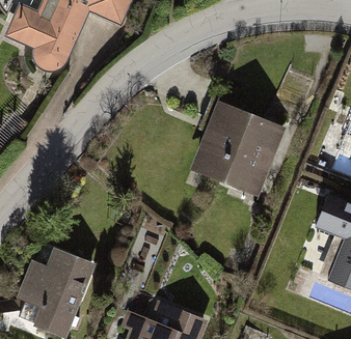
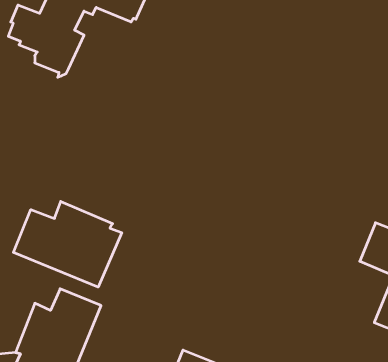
building: [196,82,279,181] -> none
building: none -> [13,201,122,287]

